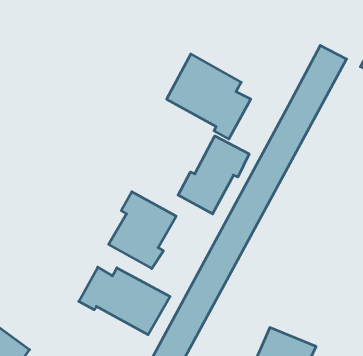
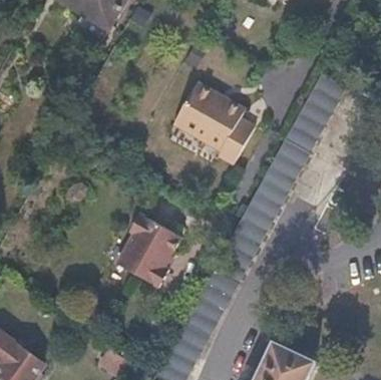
building: [178,136,249,214] -> none
building: [79,267,170,335] -> none

